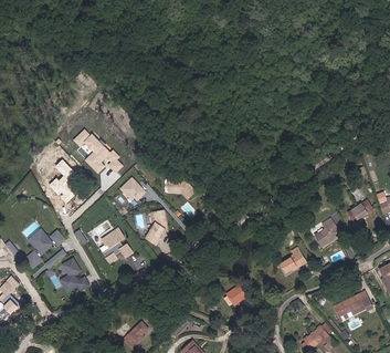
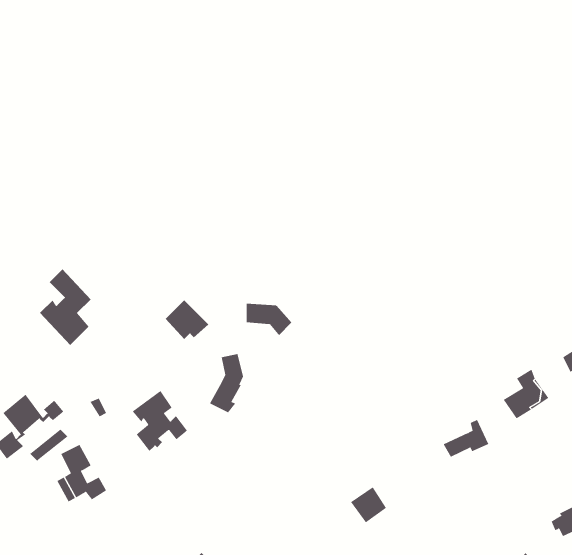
building: [75,131,120,172] -> none

